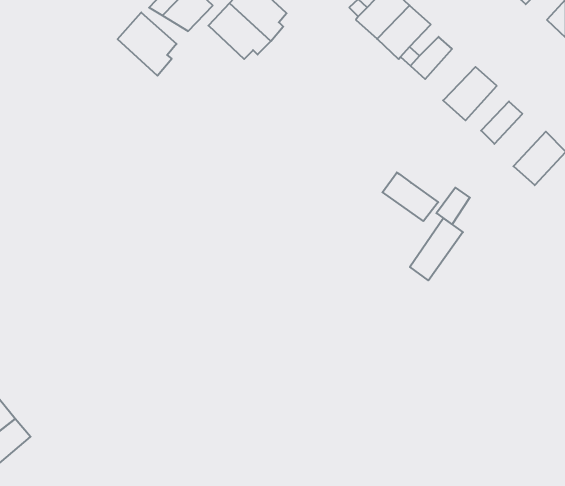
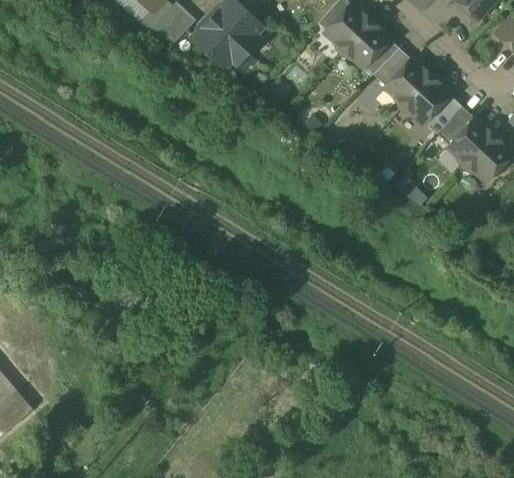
building: [118,12,177,76] -> none
building: none -> [383,57,431,105]
building: none -> [446,115,494,165]
building: [382,172,438,221] -> none
building: [410,218,463,280] -> none

